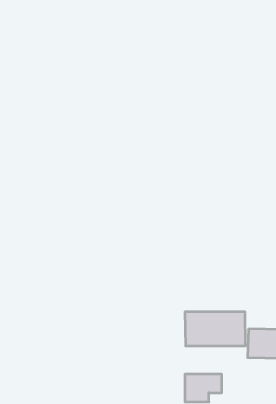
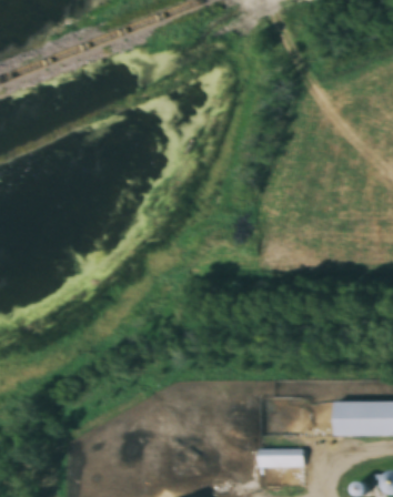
building: [185,312,245,346] -> none

